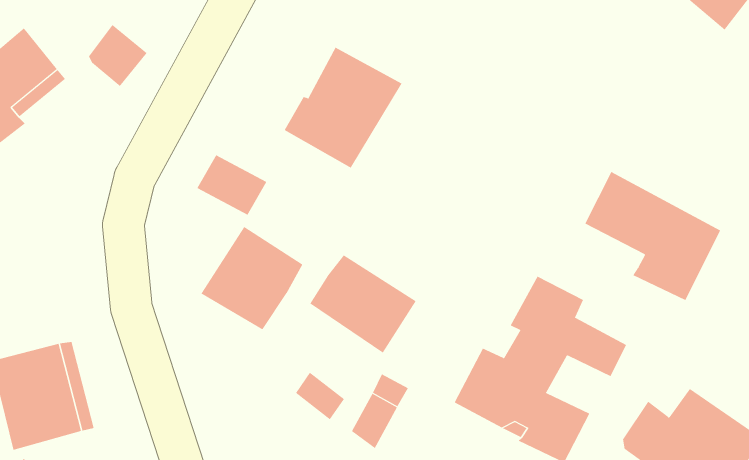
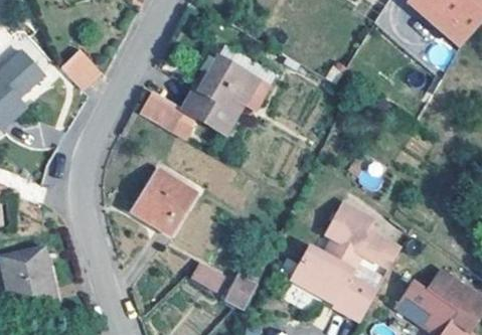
building: [196,154,267,215] -> [140,94,184,132]
building: [585,171,721,301] -> none
building: [309,254,417,354] -> none

